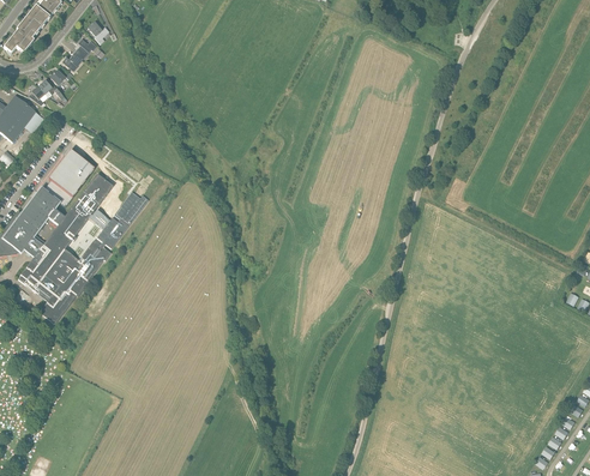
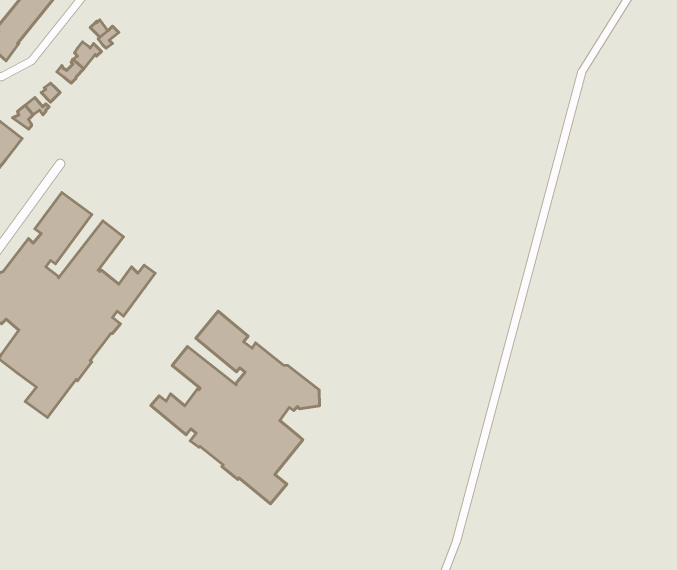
building: none -> [151,311,319,504]

